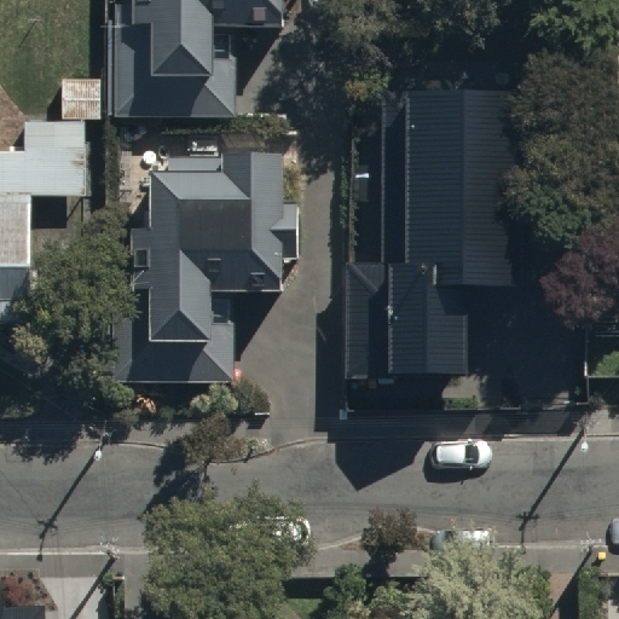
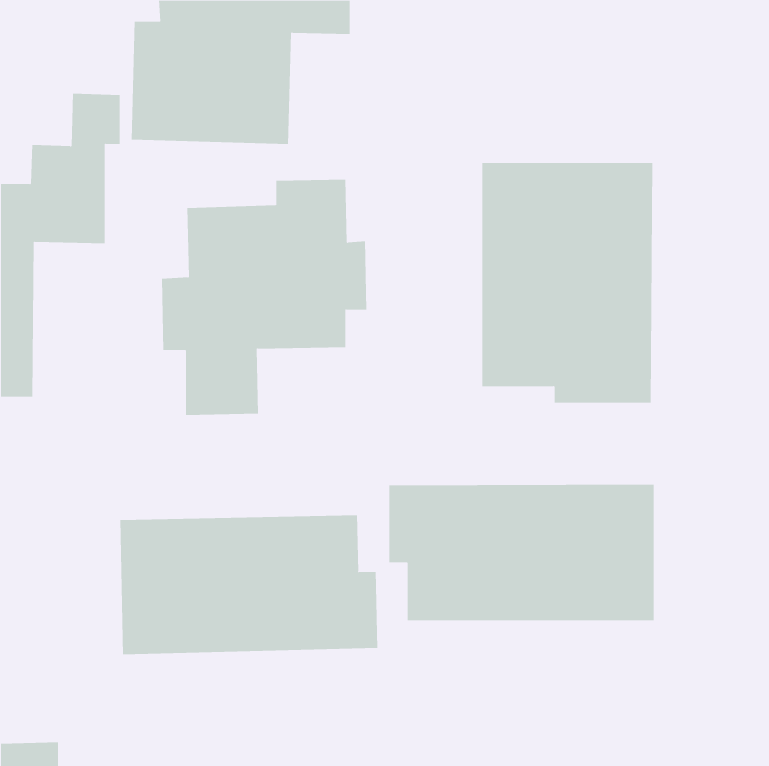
building: none -> [389,484,654,621]
building: none -> [120,515,378,655]

